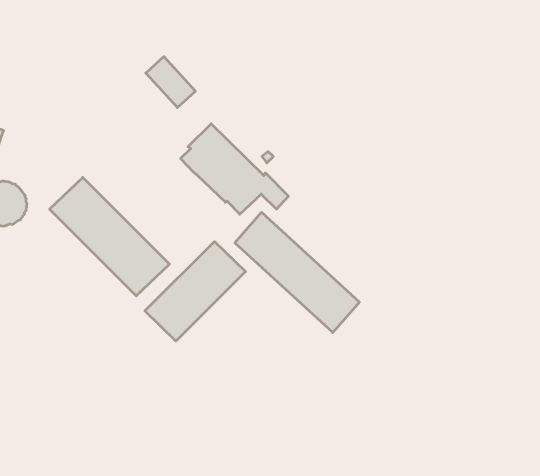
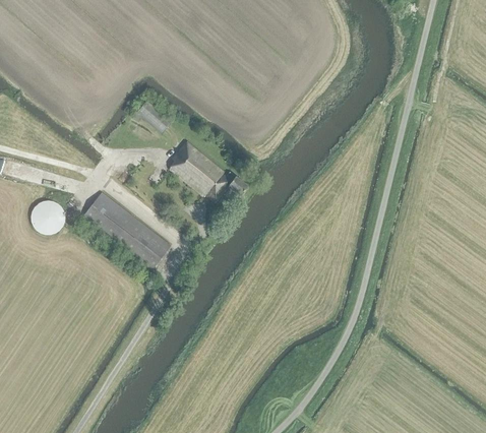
building: [235,212,359,333] -> none
building: [145,242,246,341] -> none

